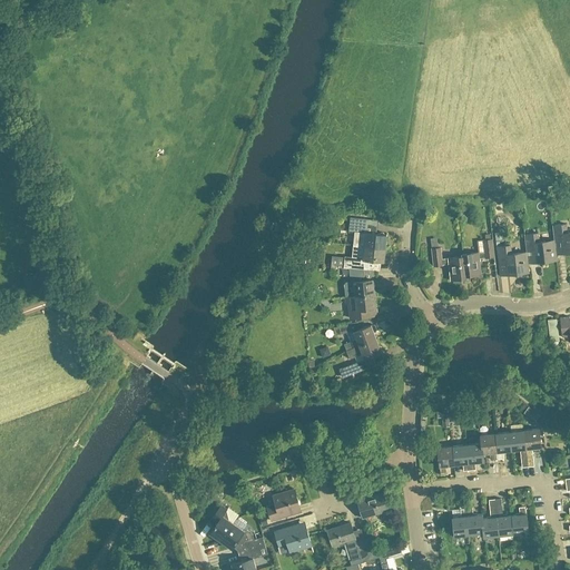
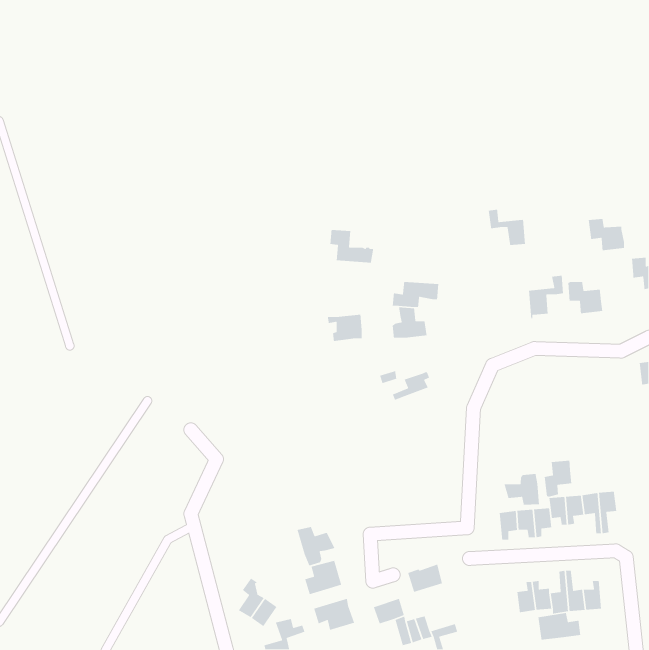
building: [347,218,386,248] -> [329,229,374,263]
building: [523,234,556,263] -> [588,218,625,251]
building: [431,248,464,281] -> [488,209,526,246]
building: [344,294,375,318] -> [327,314,363,342]
building: [340,340,381,377] -> none
building: none -> [544,460,572,497]
building: none -> [503,473,540,506]
building: none -> [297,526,335,567]
building: none -> [538,612,581,641]

